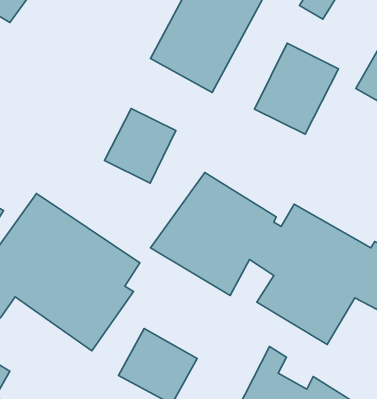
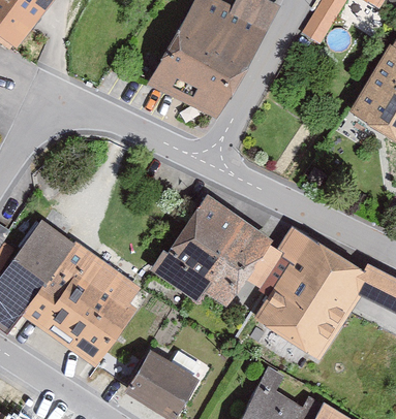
building: [254,43,338,134] -> none
building: [105,108,176,183] -> none

